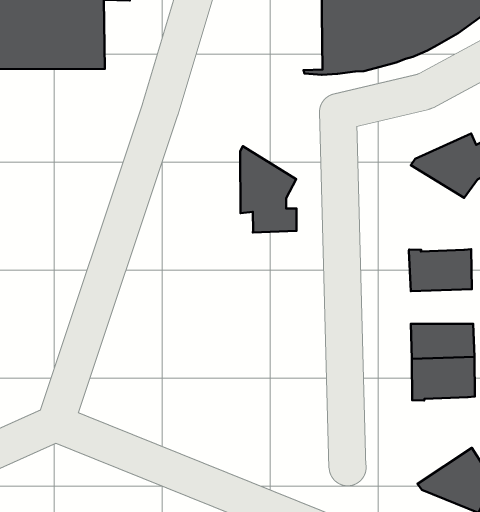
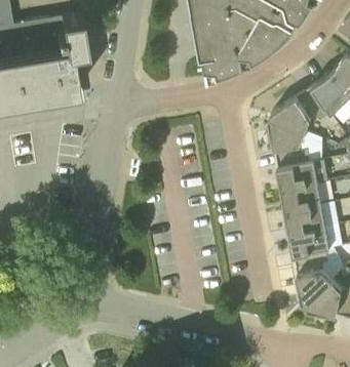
building: [240,146,297,233] -> [269,119,310,169]
building: none -> [282,187,322,213]
building: none -> [296,251,334,308]

